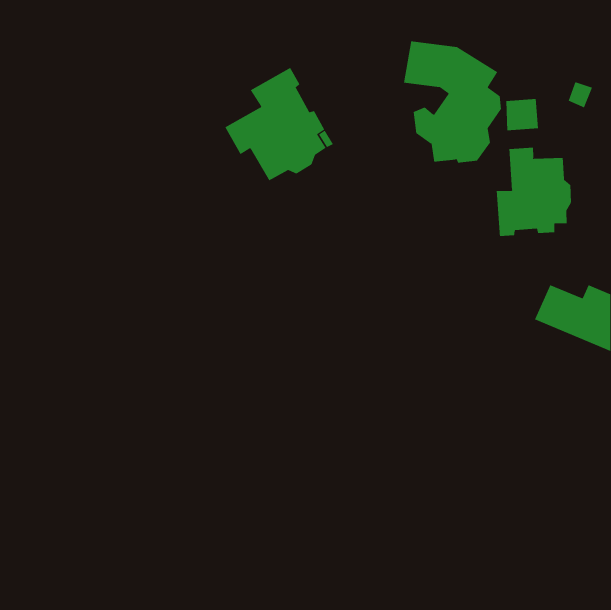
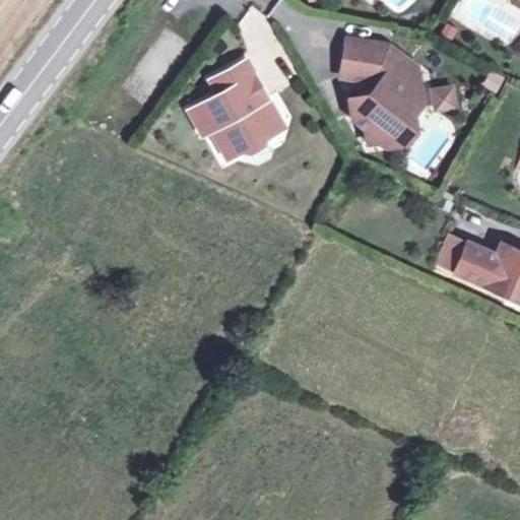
building: [496,147,571,237] -> none

